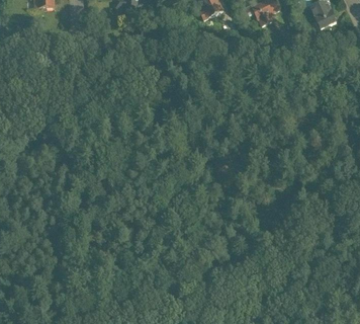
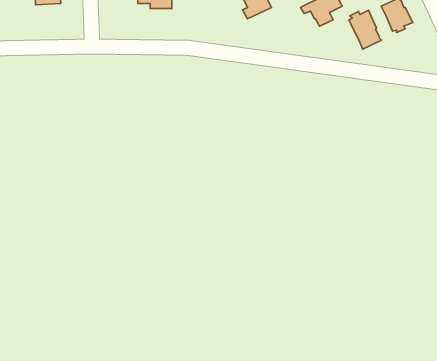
building: none -> [349,10,382,49]

